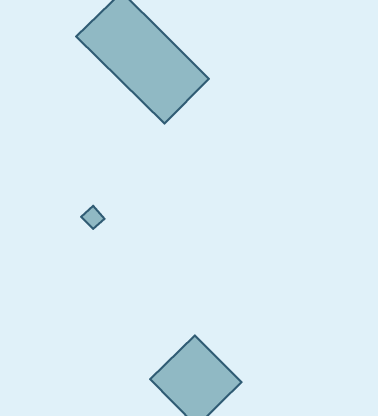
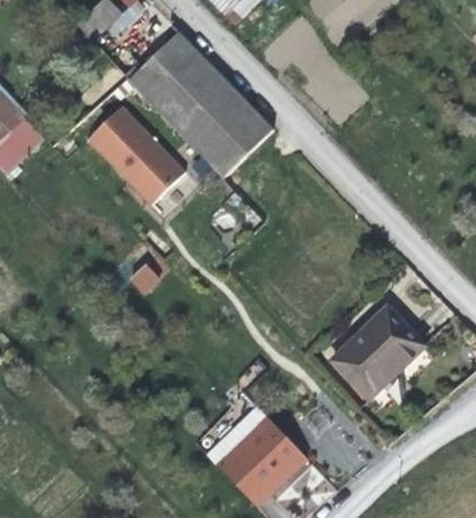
building: none -> [86,104,182,202]
building: none -> [331,306,426,399]

